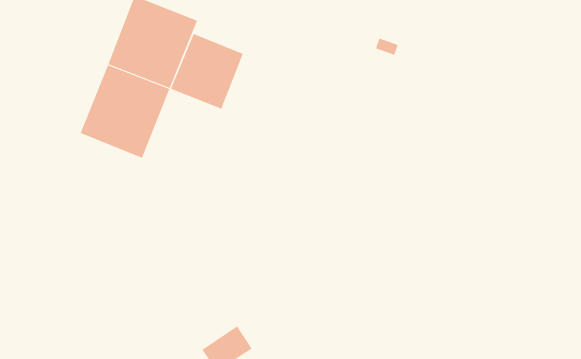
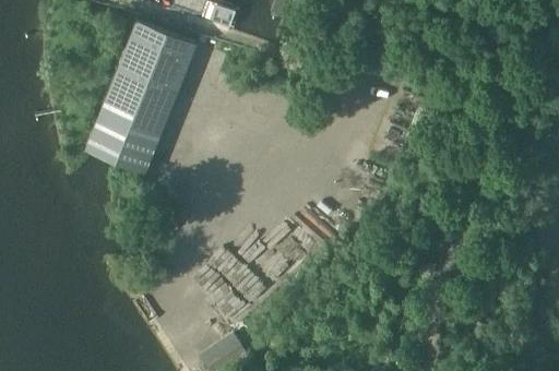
building: [170,33,243,110] -> none

